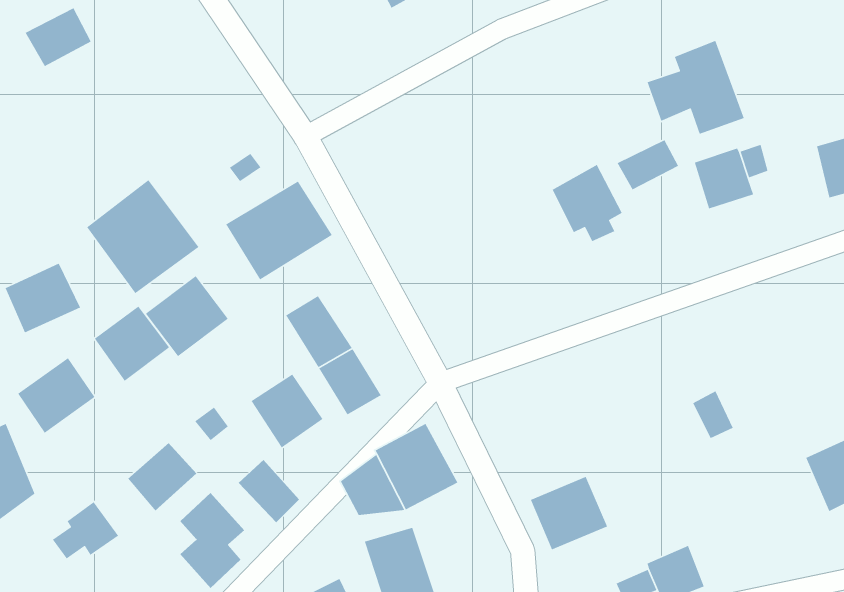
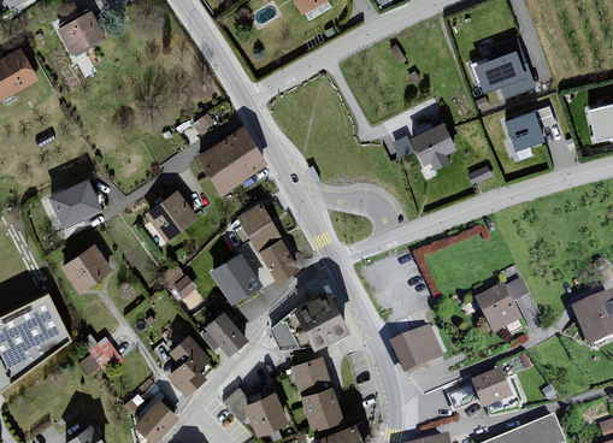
building: [617,139,679,191] -> none
building: [86,179,199,294] -> none
building: [94,306,170,382] -> none
building: none -> [477,285,519,332]
building: [127,442,197,512] -> none

